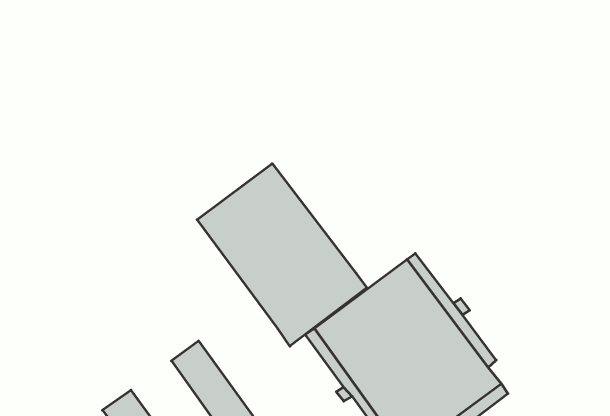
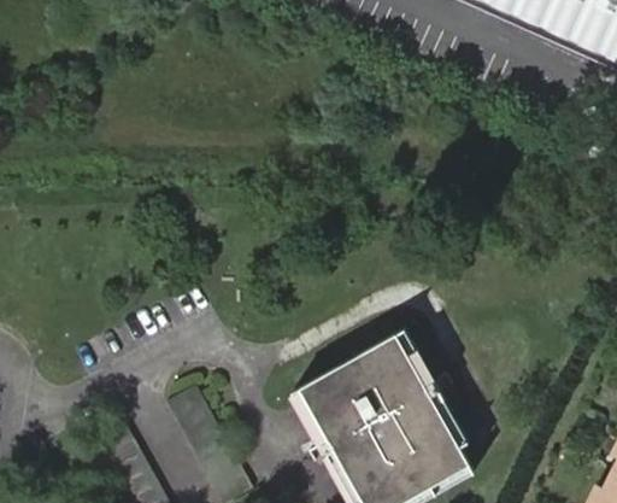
building: [197,164,367,346] -> none

